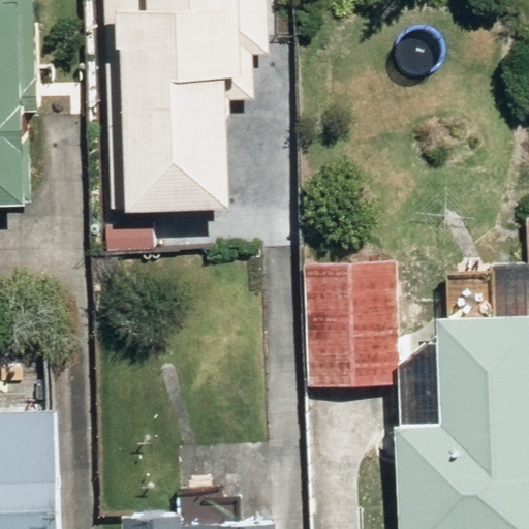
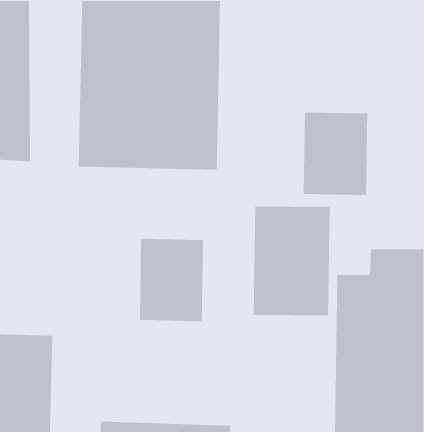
building: none -> [303,112,368,196]
building: none -> [139,238,204,322]

